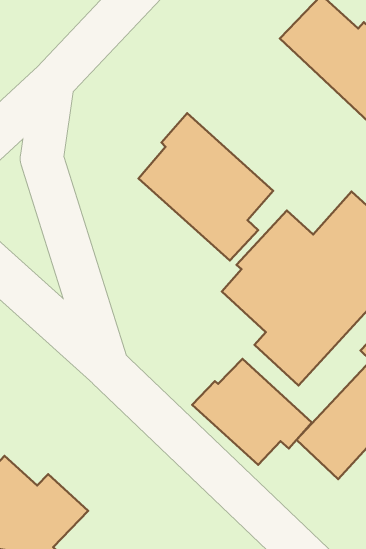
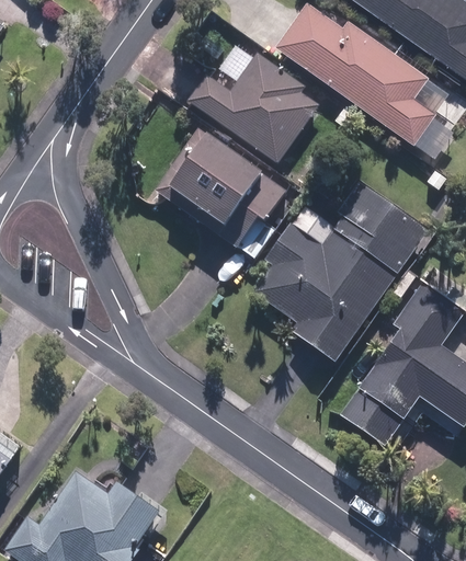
building: none -> [185,41,317,164]
building: [192,359,312,465] -> none

